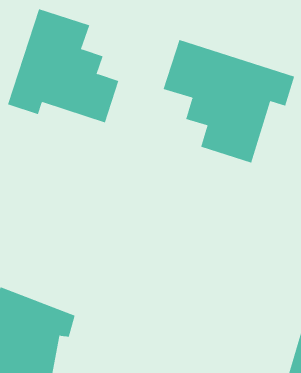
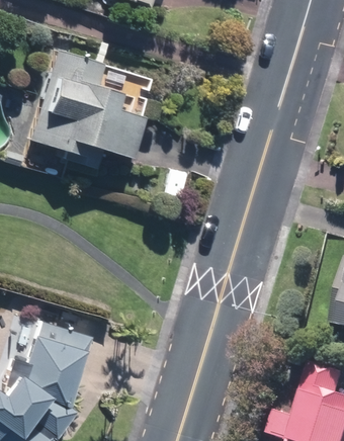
building: [163,39,295,164] -> none

